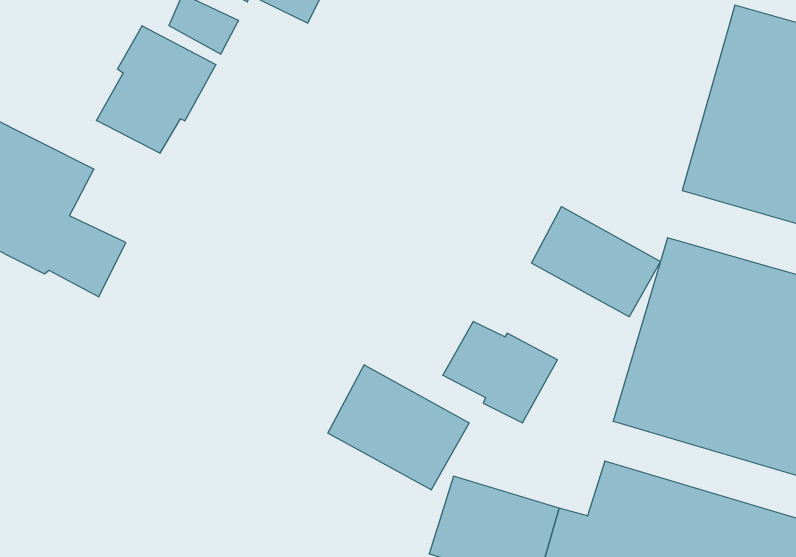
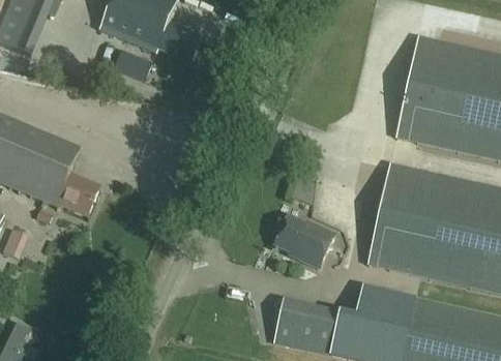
building: [96,26,216,153] -> none
building: [532,207,661,317] -> none
building: [328,365,469,490] -> none

